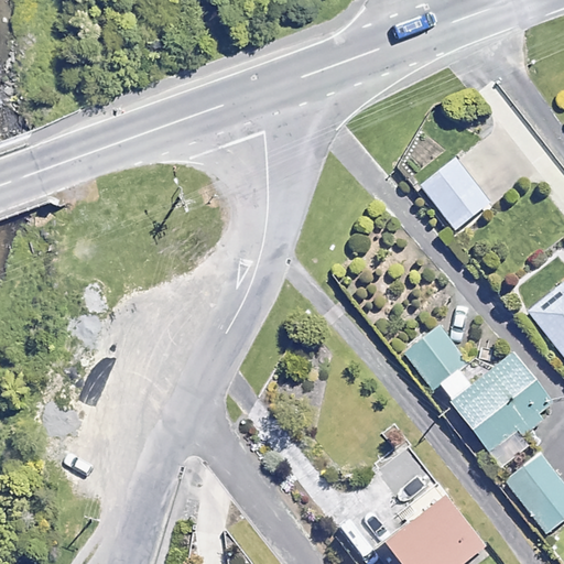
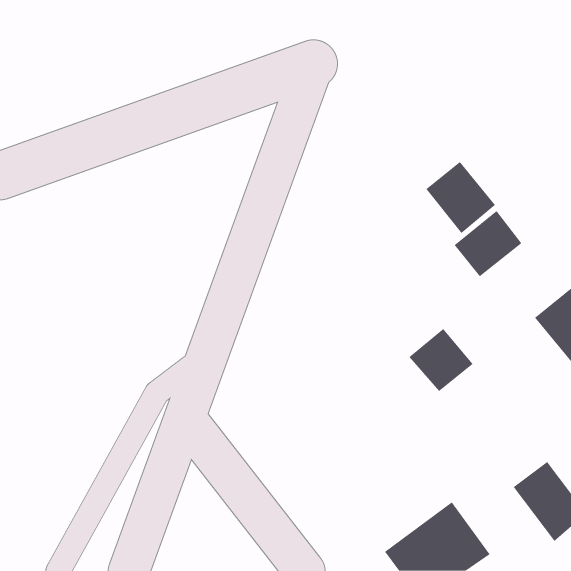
building: none -> [454,210,522,277]
building: [448,354,553,457] -> none

